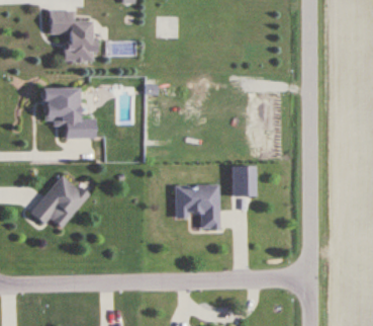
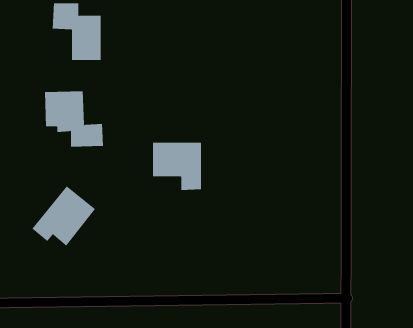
building: [230,165,255,194] -> none
building: [174,184,218,228] -> [152,142,202,191]

